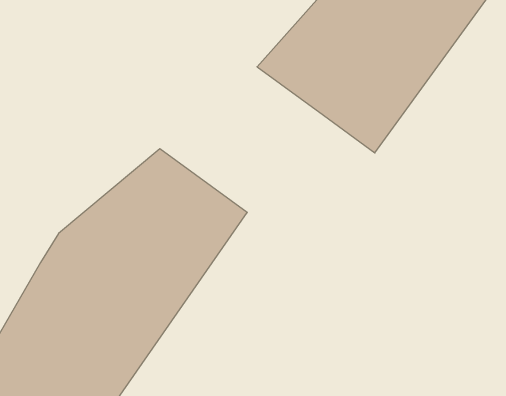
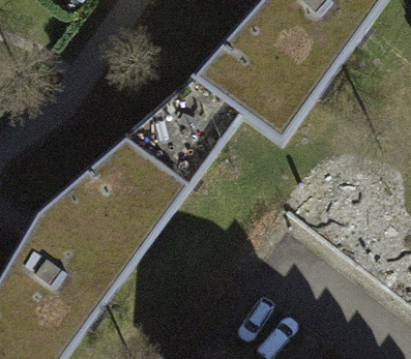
building: none -> [121,79,243,187]

